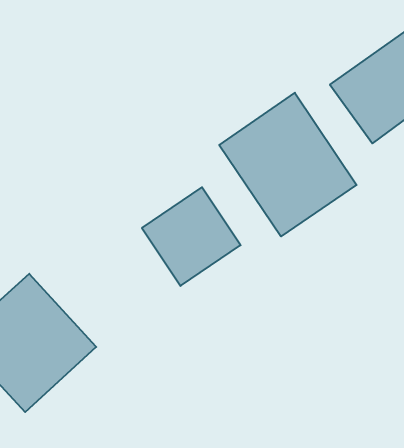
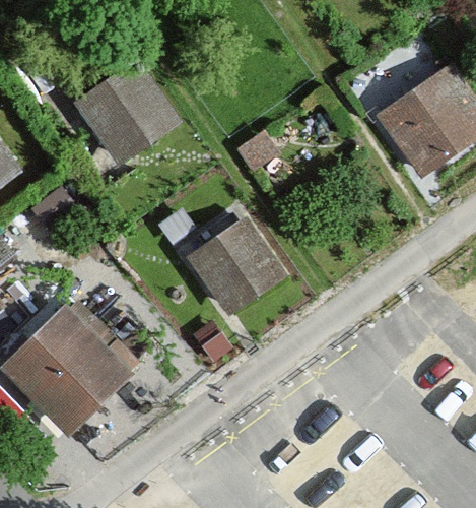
building: none -> [70,56,180,166]
building: [219,93,357,236] -> none

